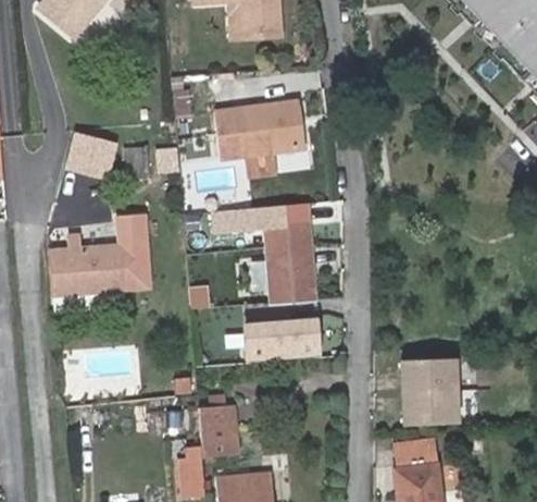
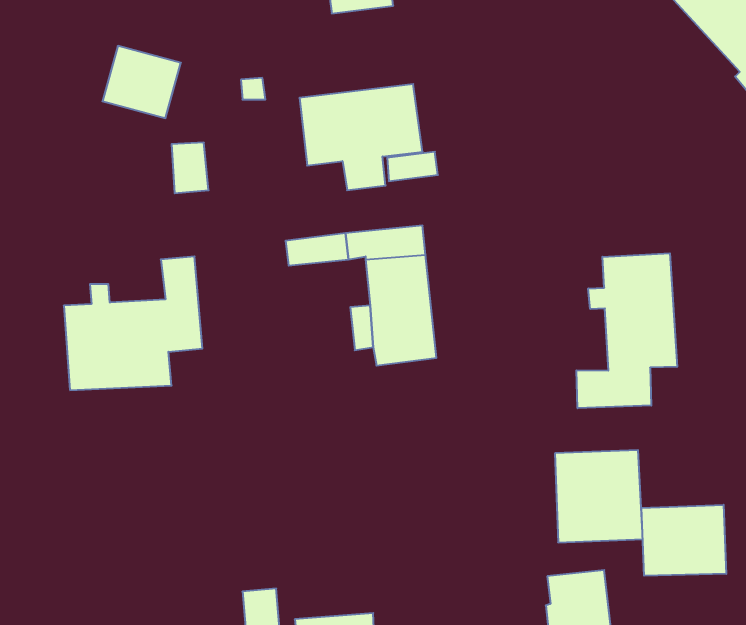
building: [66,130,122,181] -> [102,46,181,118]
building: none -> [576,253,677,408]
building: [243,316,322,360] -> none
building: none -> [642,505,726,576]
building: [200,403,237,454] -> none

